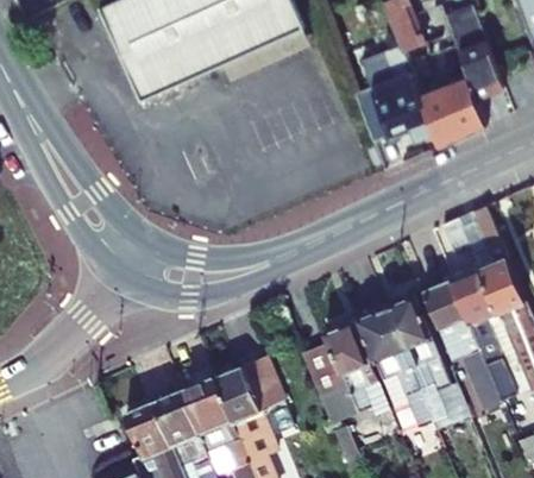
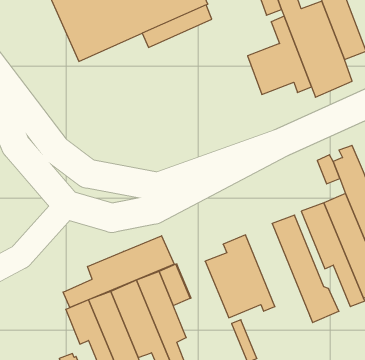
building: [357,304,433,426] -> none
building: none -> [63,236,174,308]

